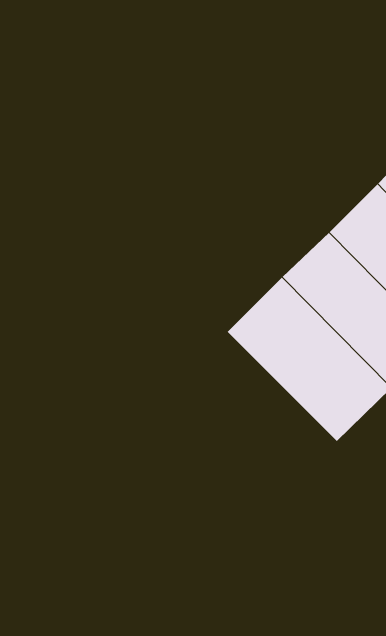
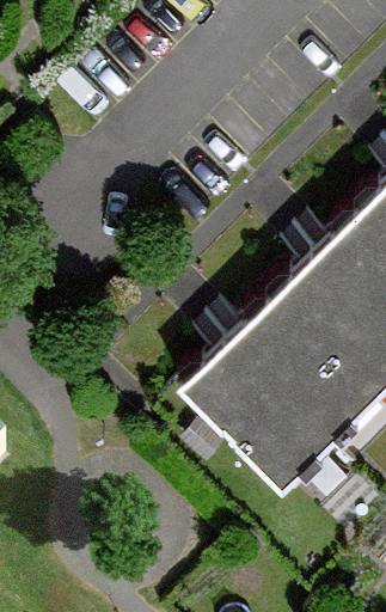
building: none -> [186,330,333,477]

